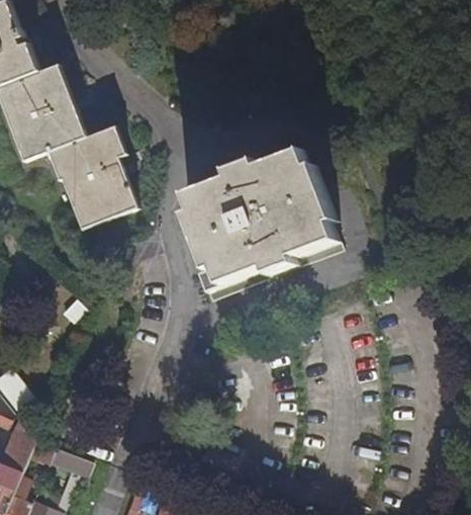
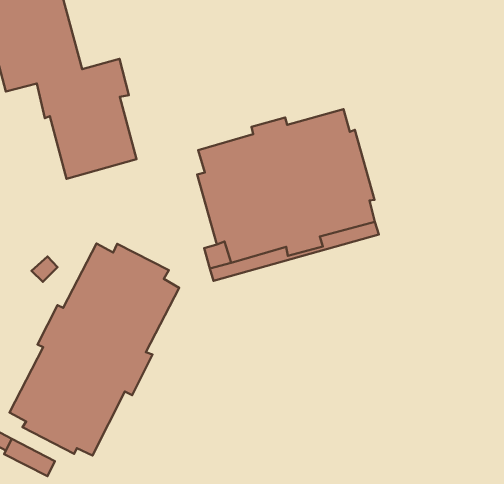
building: none -> [10,244,179,456]

